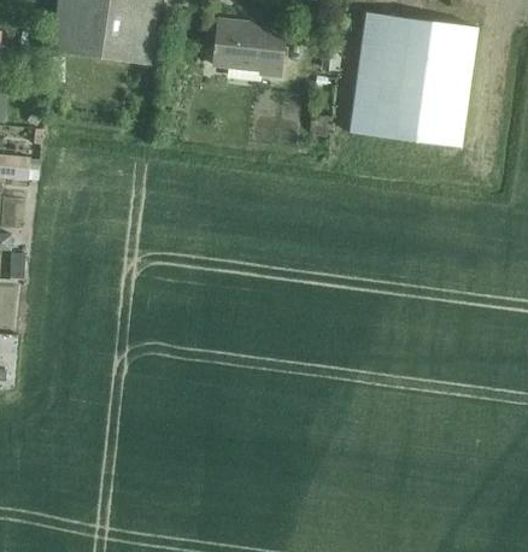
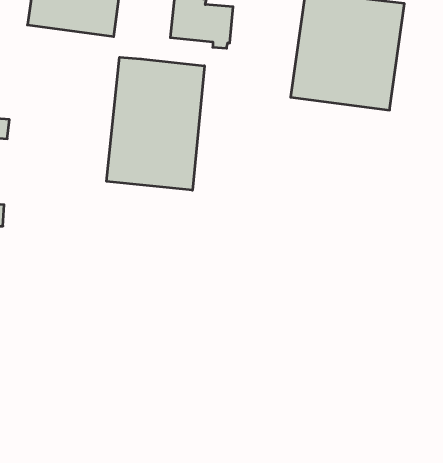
building: none -> [107,57,204,190]

